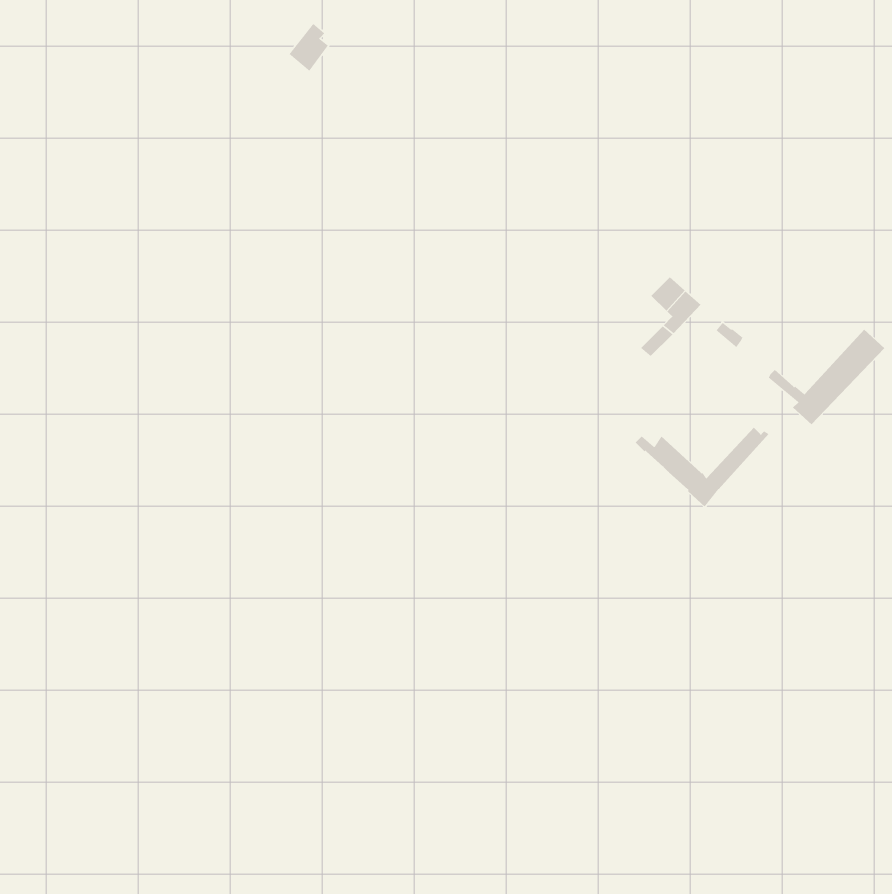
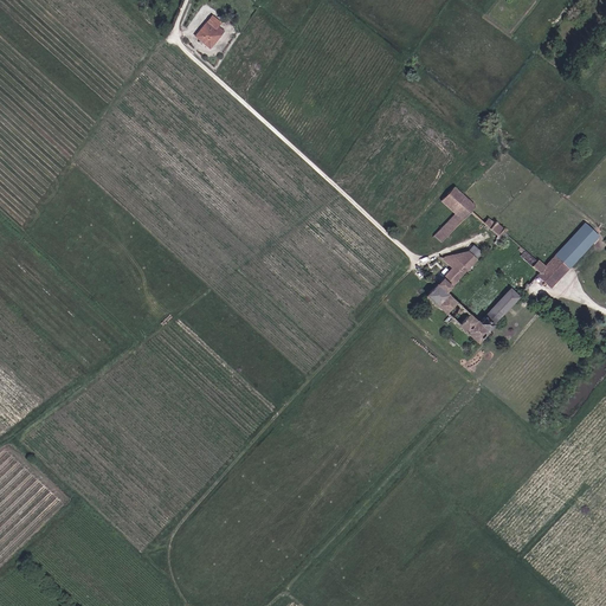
building: none -> [427,246,481,302]

